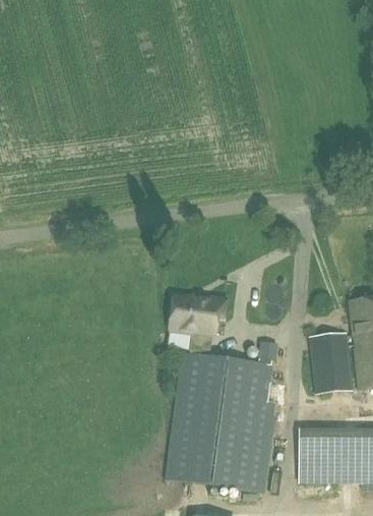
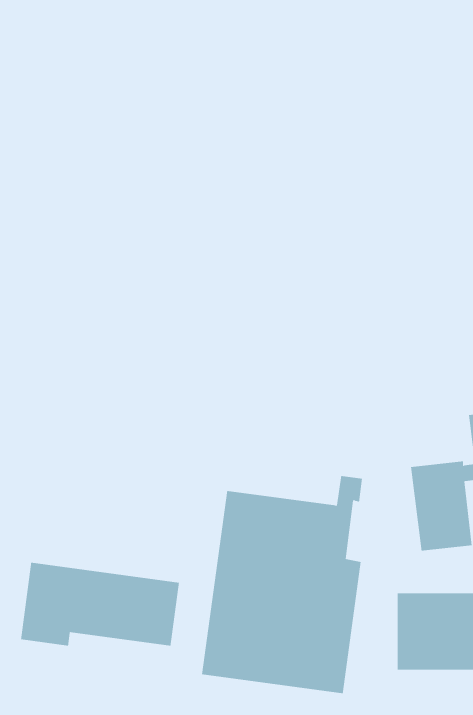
building: [170,295,226,333] -> none
building: none -> [20,562,180,646]

